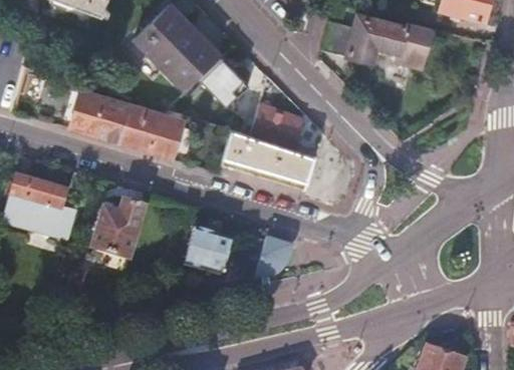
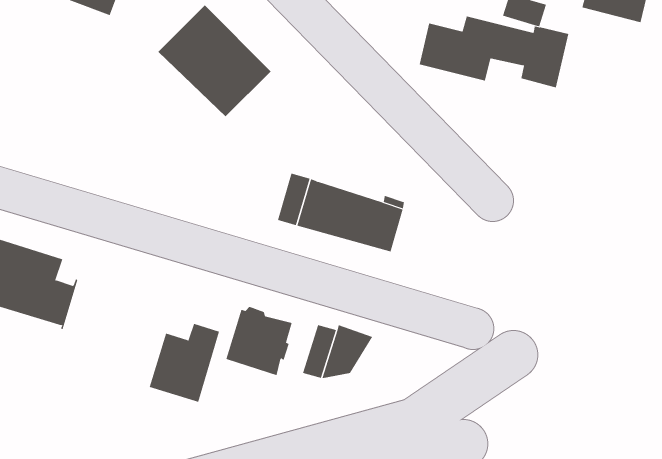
building: [202,55,253,105] -> none
building: [71,90,184,158] -> none
building: [251,102,303,147] -> none
building: [91,202,143,259] -> [149,323,220,402]

